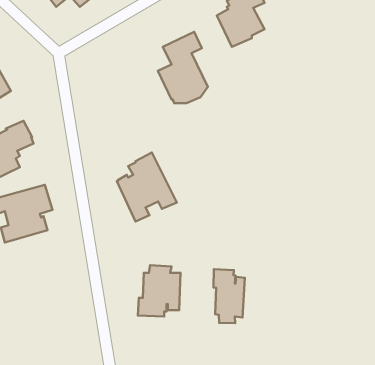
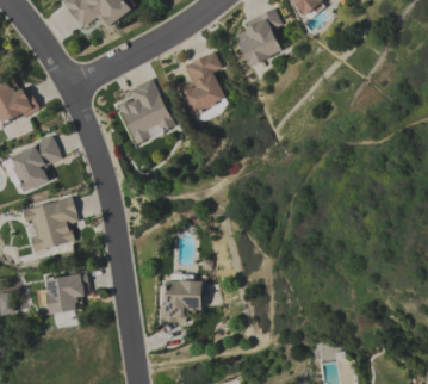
building: [117,152,177,221] -> [117,78,174,143]
building: none -> [42,268,89,314]
building: [213,269,245,323] -> none

